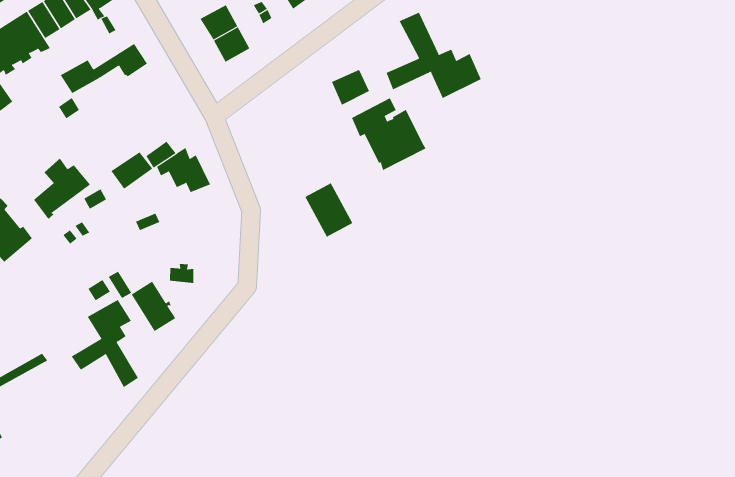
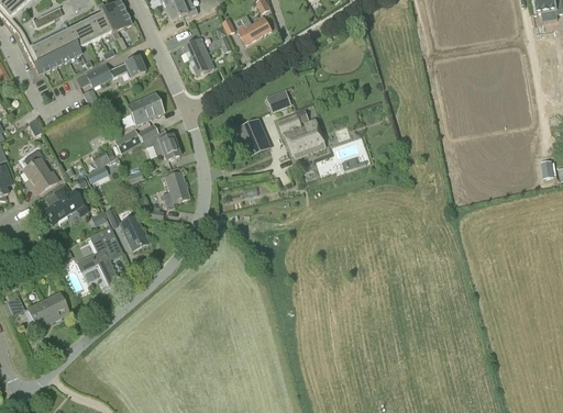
building: [386,12,482,99] -> none
building: none -> [126,92,163,124]
building: [33,158,91,220] -> [44,182,84,223]
building: [304,183,353,237] -> [239,119,269,155]
building: none -> [162,170,189,209]
building: none -> [27,292,68,323]

